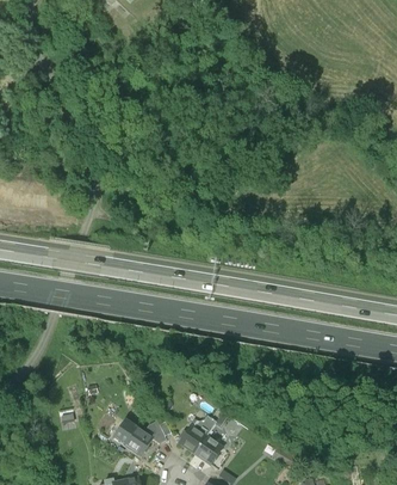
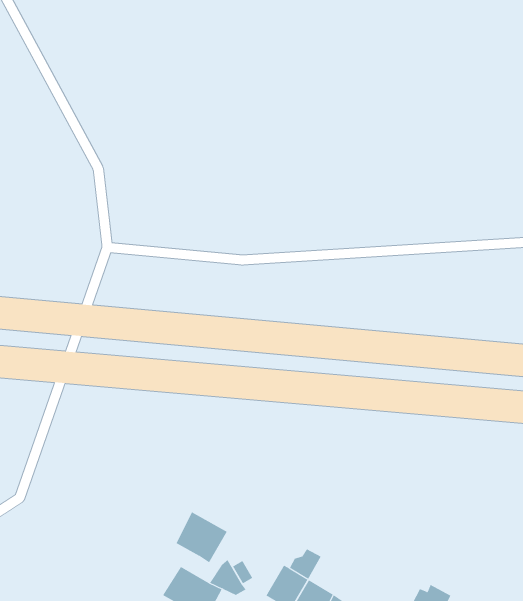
building: none -> [176,511,228,563]

